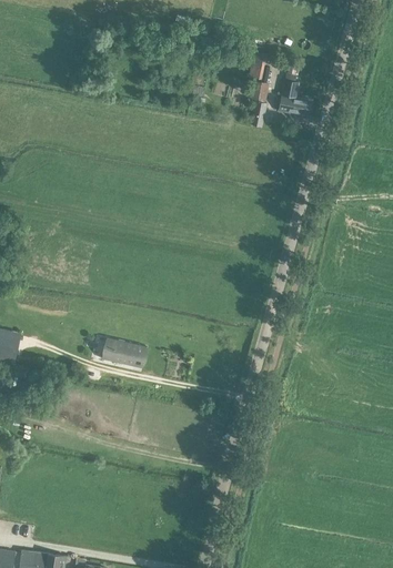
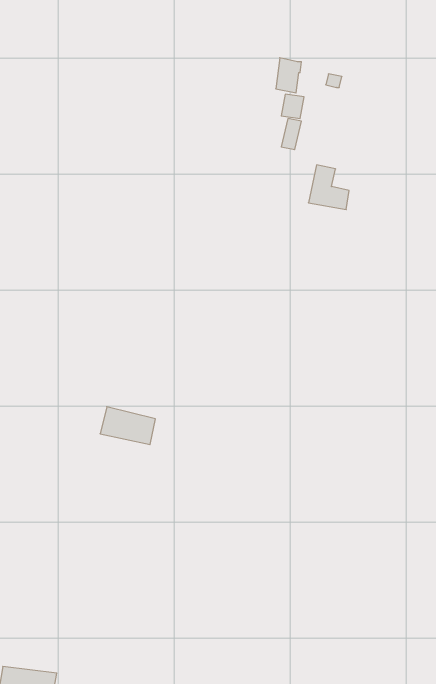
building: [279,79,312,115] -> [308,165,349,210]

